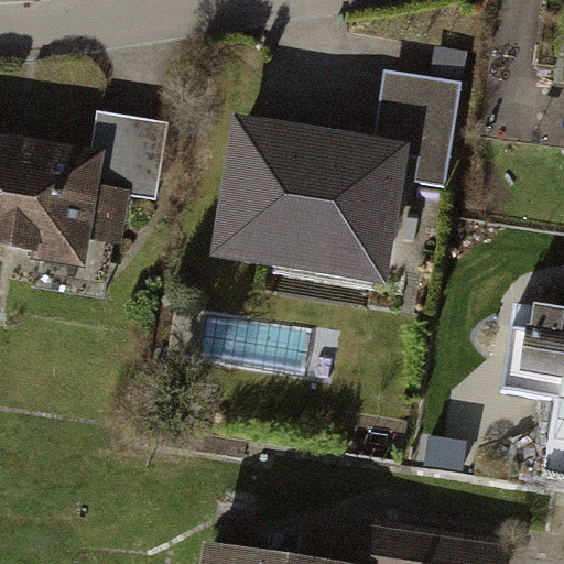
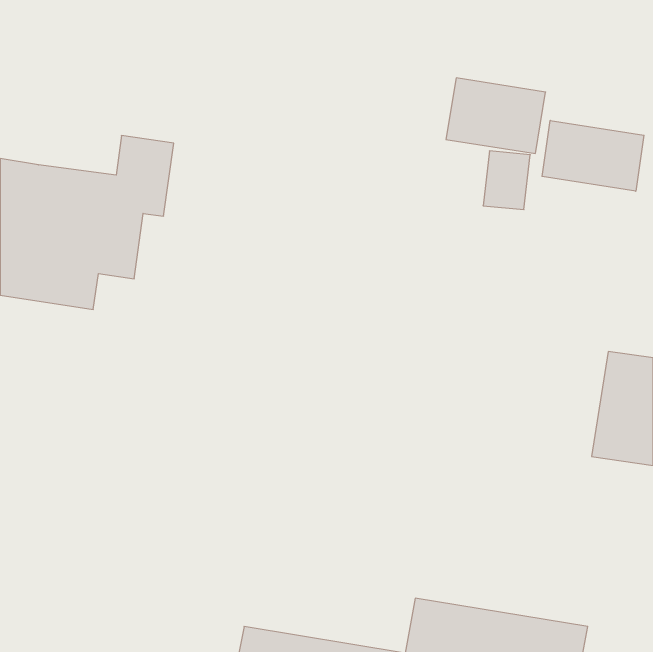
building: none -> [542,120,644,191]
building: [216,134,378,263] -> none

